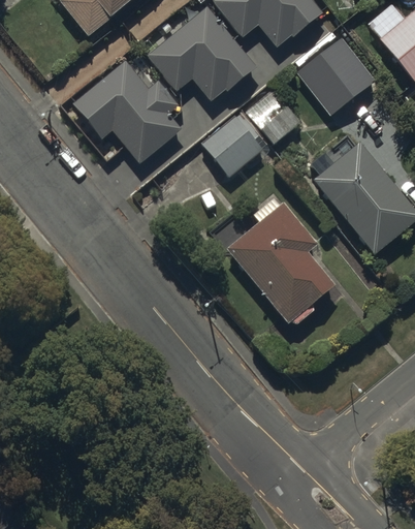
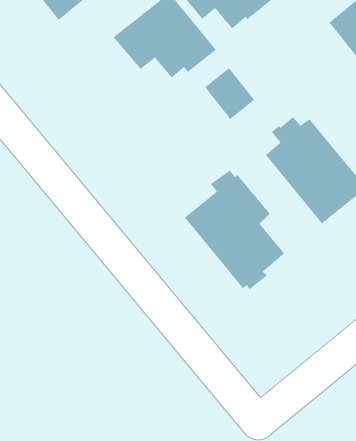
building: [296,37,375,115] -> none
building: [73,59,182,162] -> none
building: [200,115,262,178] -> none

